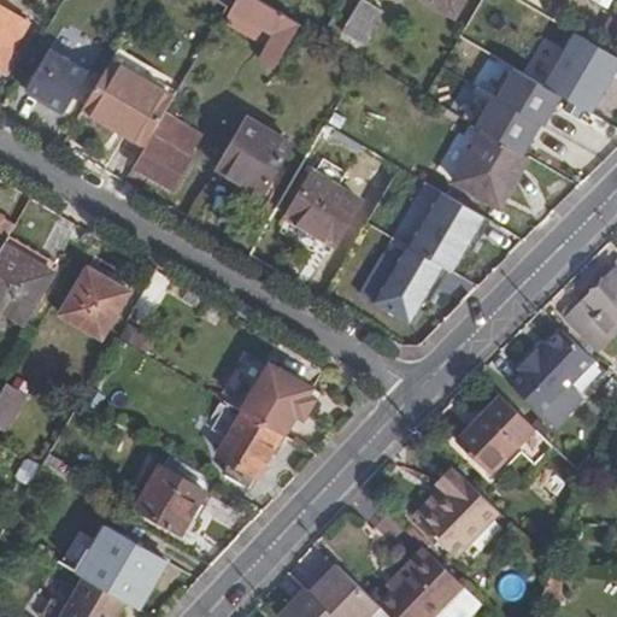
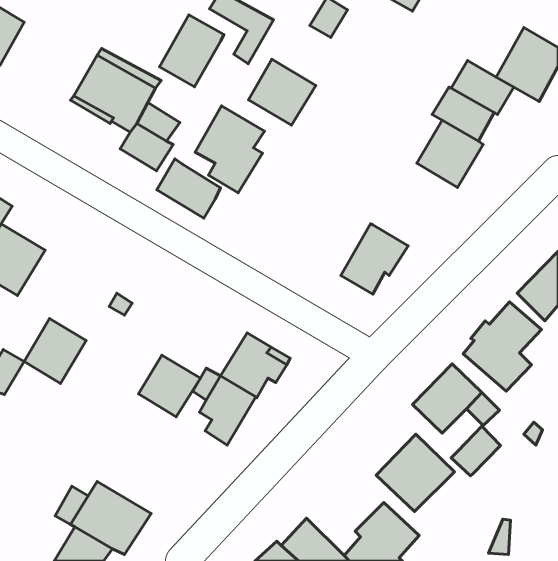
building: none -> [159,15,224,87]
building: [24,49,86,113] -> none
building: [286,171,359,243] -> [249,59,316,125]
building: none -> [157,159,221,218]
building: [407,190,488,271] -> none
building: [60,266,128,337] -> [24,319,86,384]
building: none -> [451,426,501,476]
building: [148,469,216,536] -> [139,355,200,417]

